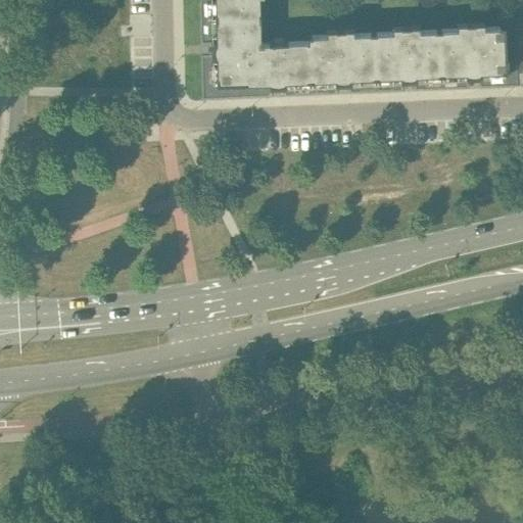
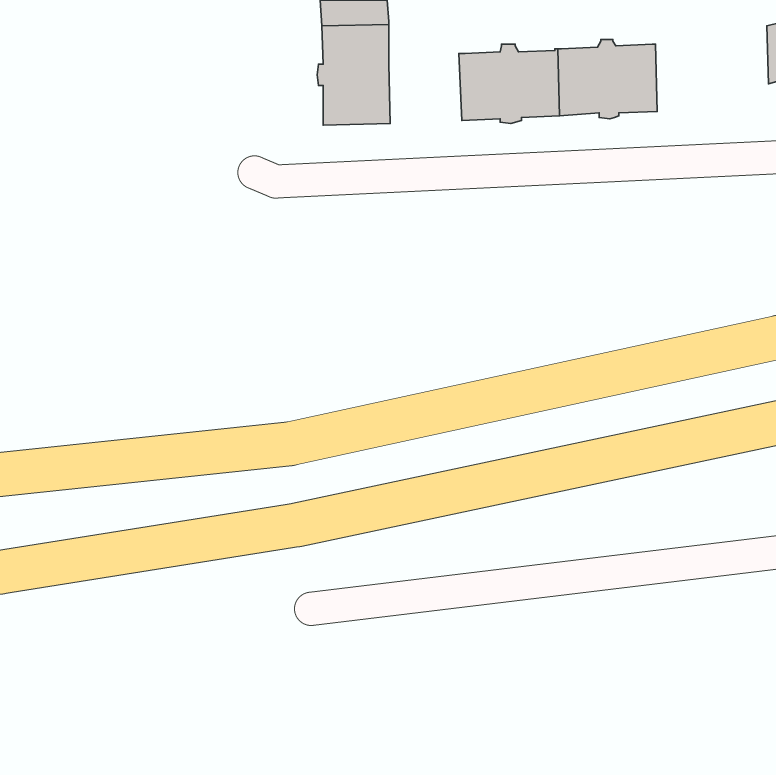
building: [441,26,510,79] -> none
building: [263,39,312,89] -> none

